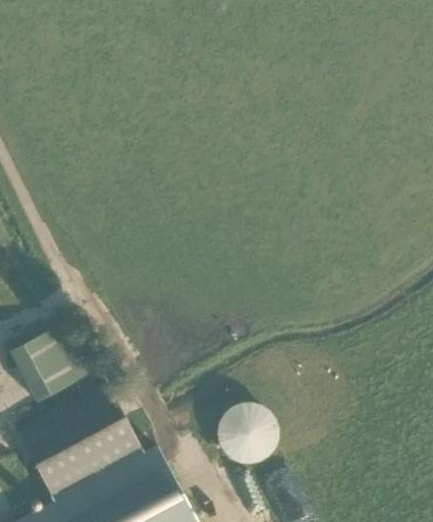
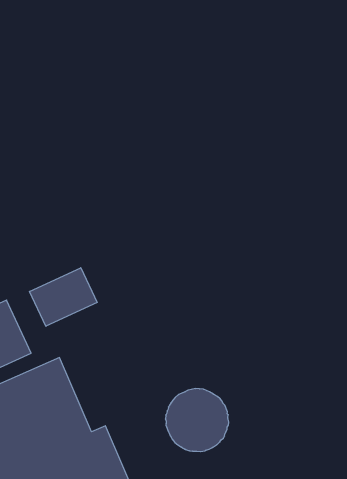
building: none -> [30,268,97,326]

